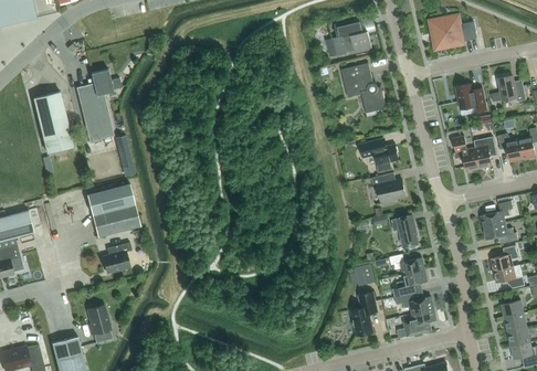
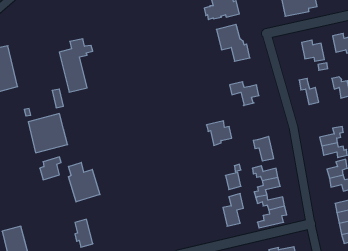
building: [76,70,122,141] -> [59,39,93,92]
building: [474,137,497,168] -> none
building: [371,172,406,205] -> [206,121,232,145]
building: none -> [68,162,100,202]
building: [88,305,113,342] -> [75,219,93,247]

